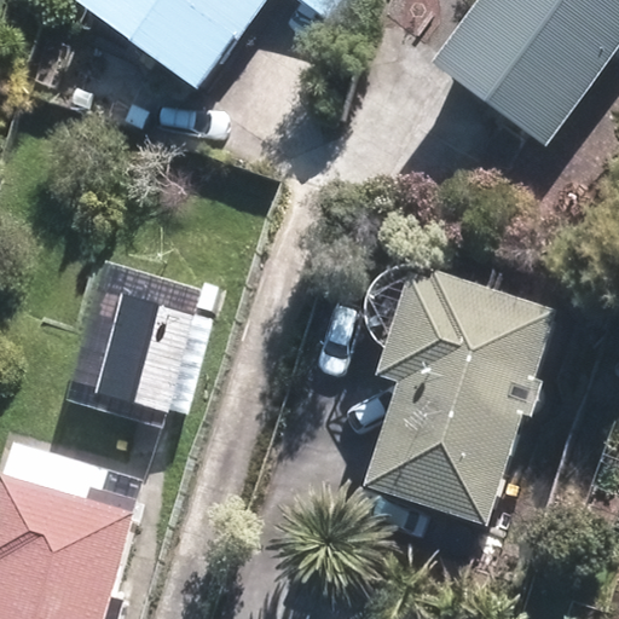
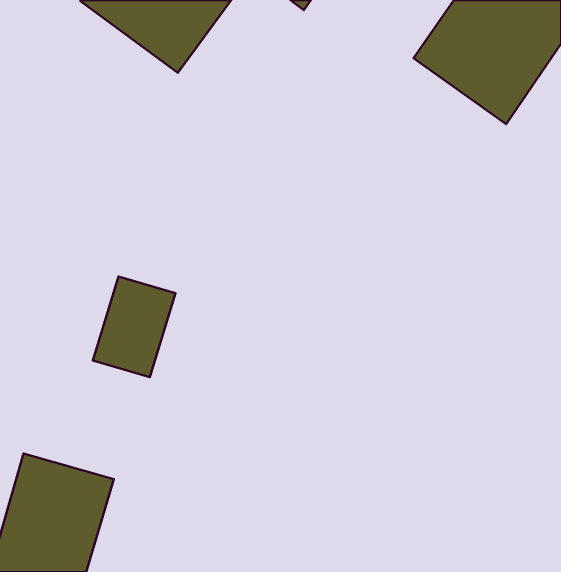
building: [381,287,546,515] -> none

